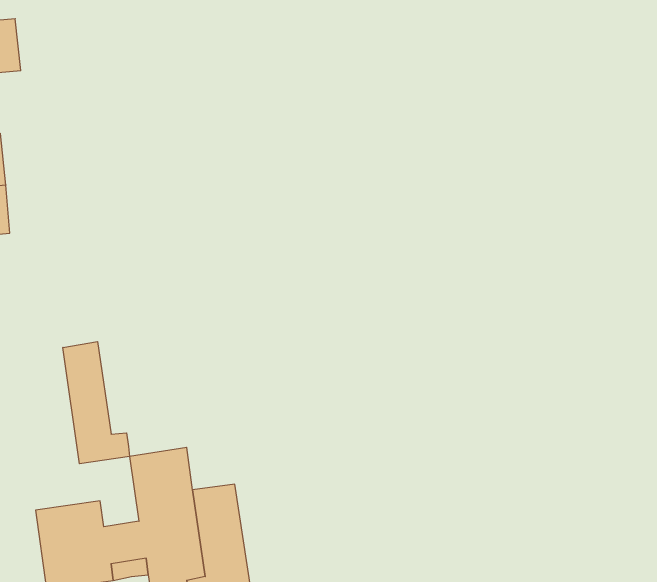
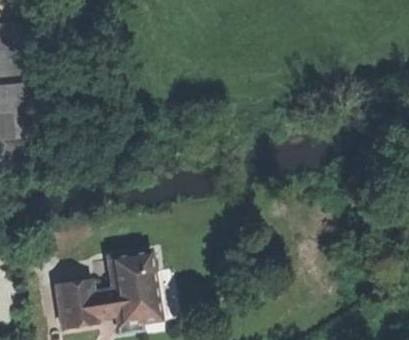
building: [63,342,130,464] -> none

